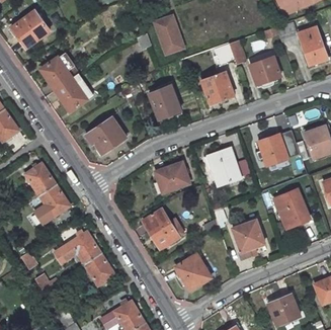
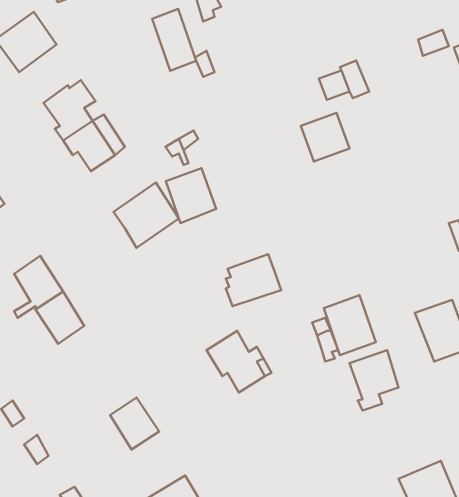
building: [155,17,182,56] -> [152,9,196,71]
building: [249,55,279,83] -> none
building: [150,84,181,118] -> [166,168,216,223]
building: [253,133,286,164] -> none
building: [208,148,240,185] -> [324,295,376,355]
building: [53,228,100,261] -> none
building: [176,254,212,291] -> none

